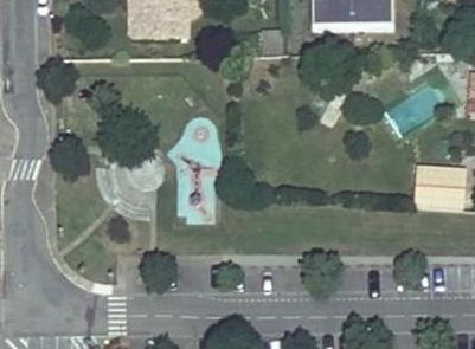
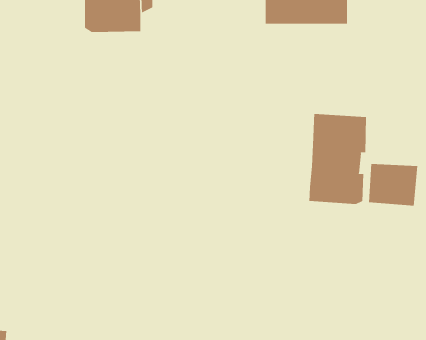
building: none -> [309,113,367,205]

